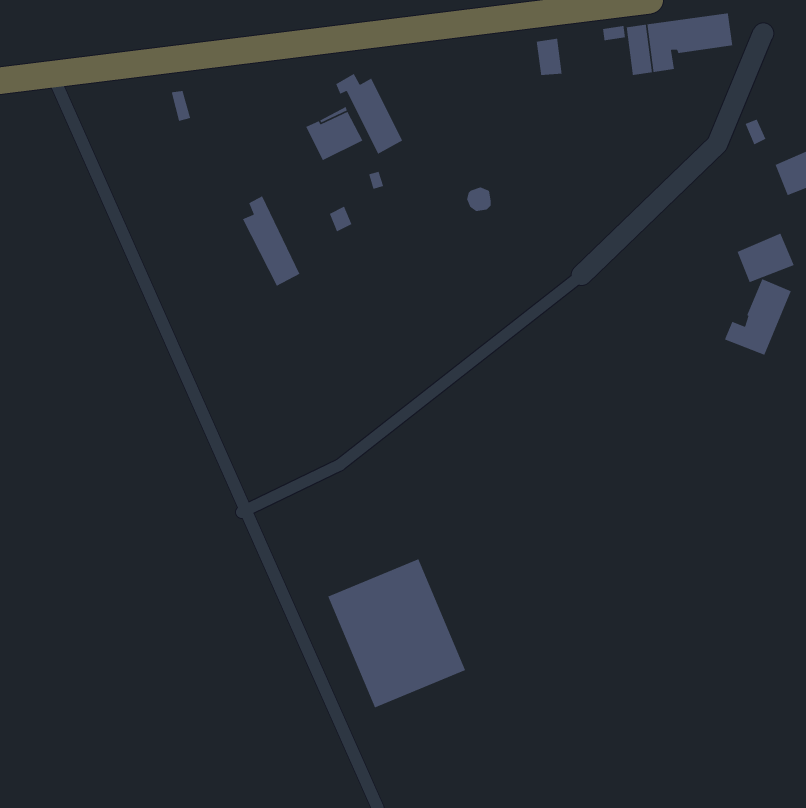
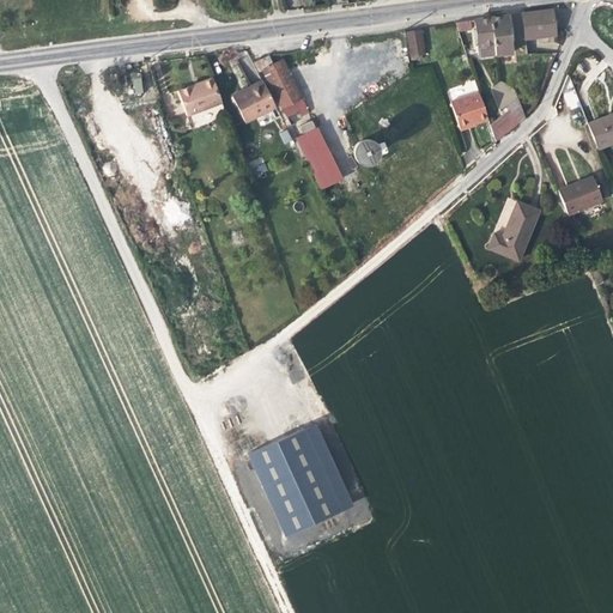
building: none -> [178,78,223,116]
building: none -> [451,95,488,131]
building: none -> [491,98,526,141]
building: [242,195,300,287] -> [297,120,341,189]
building: [724,278,792,356] -> [488,201,540,260]

